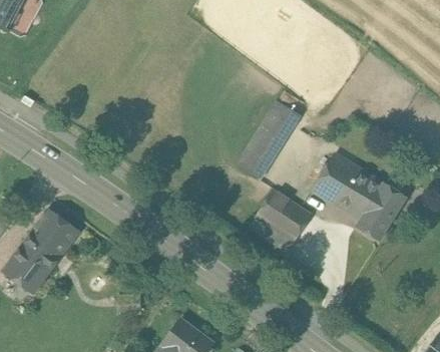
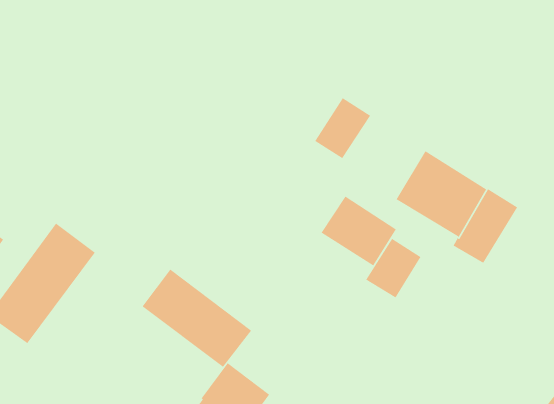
building: [237,145,271,179] -> none
building: none -> [365,238,421,299]
building: none -> [141,268,252,368]

